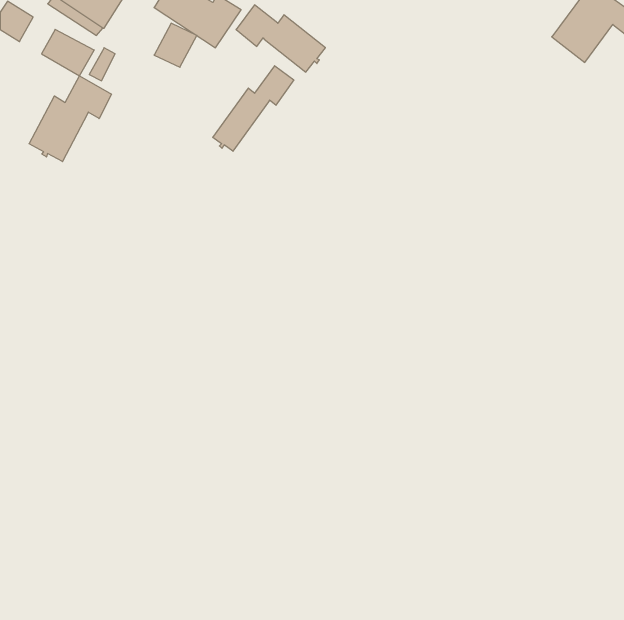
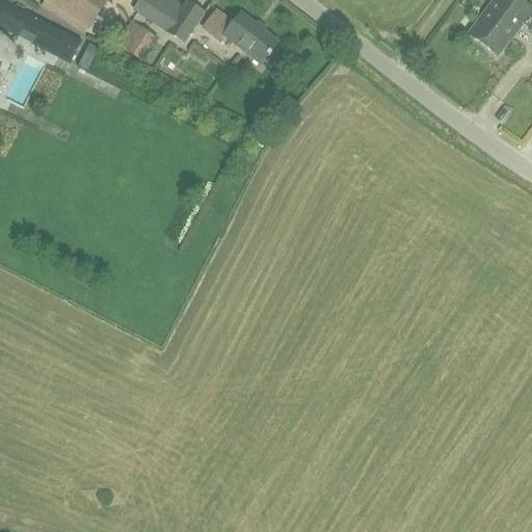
building: [213,66,294,151] -> none
building: [29,76,111,162] -> none

